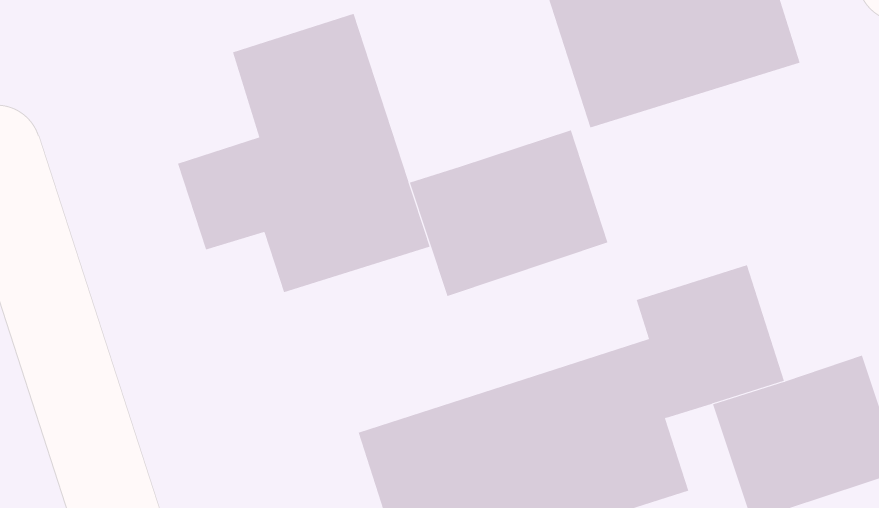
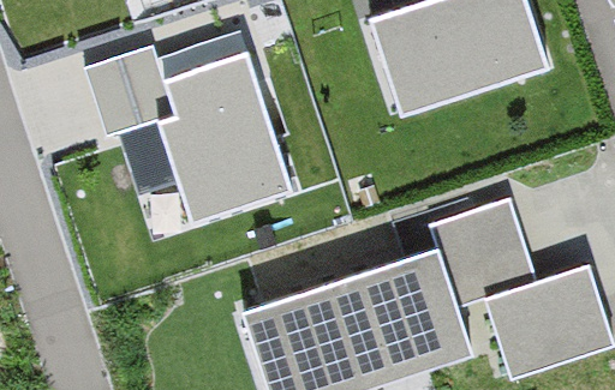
building: none -> [85,44,177,137]
building: [409,129,608,297] -> none

